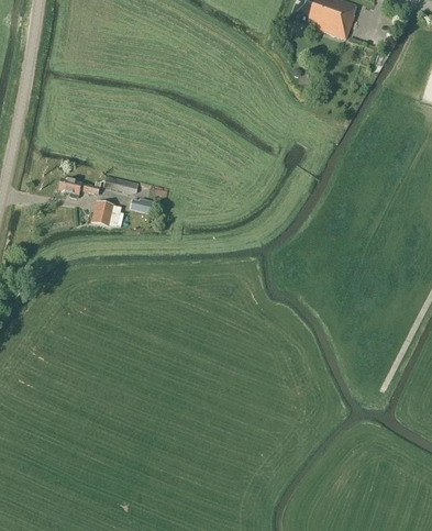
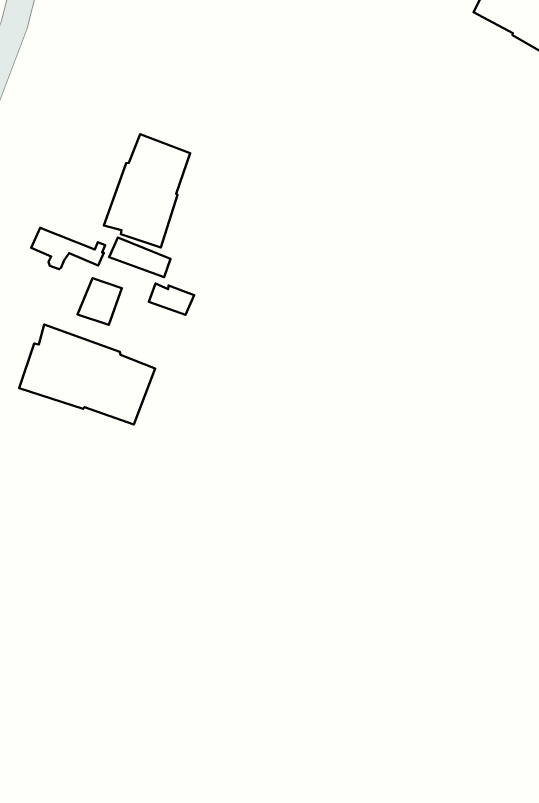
building: none -> [104,134,190,248]
building: none -> [19,325,155,424]

